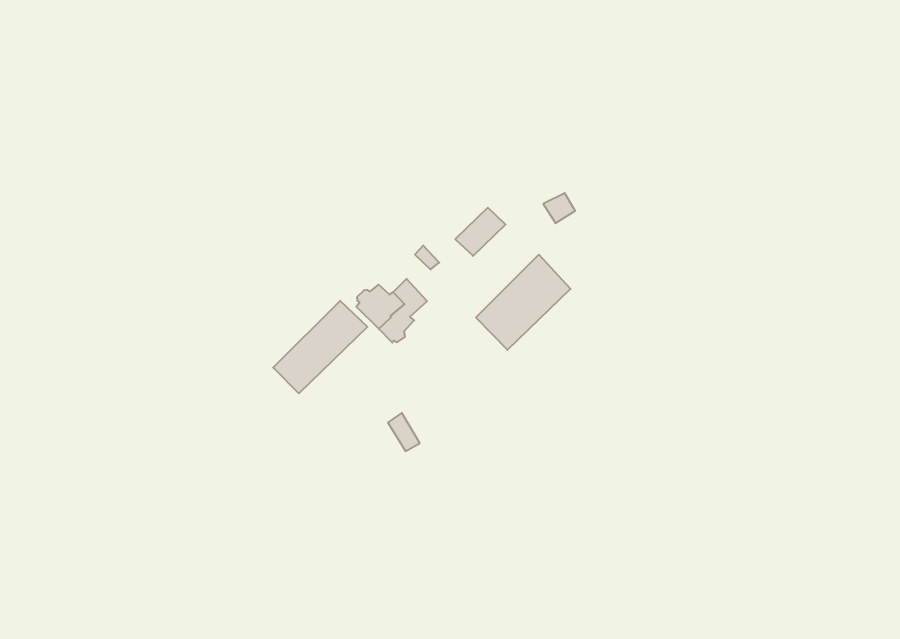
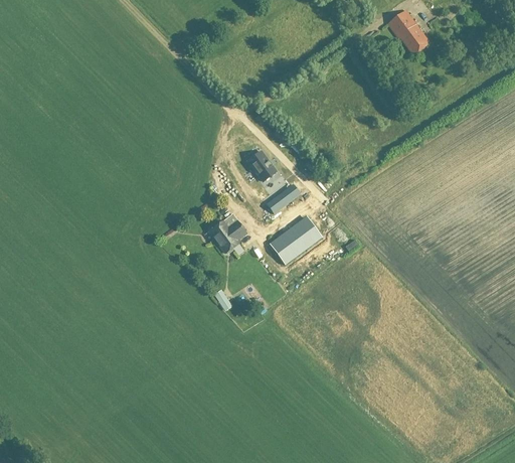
building: none -> [247,150,276,180]
building: [273,301,367,393] -> none

